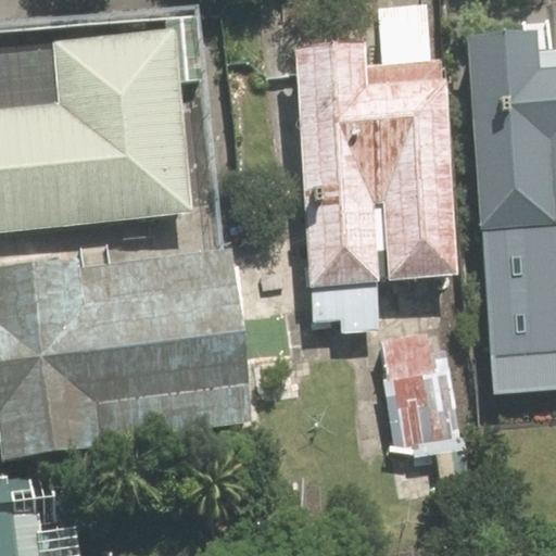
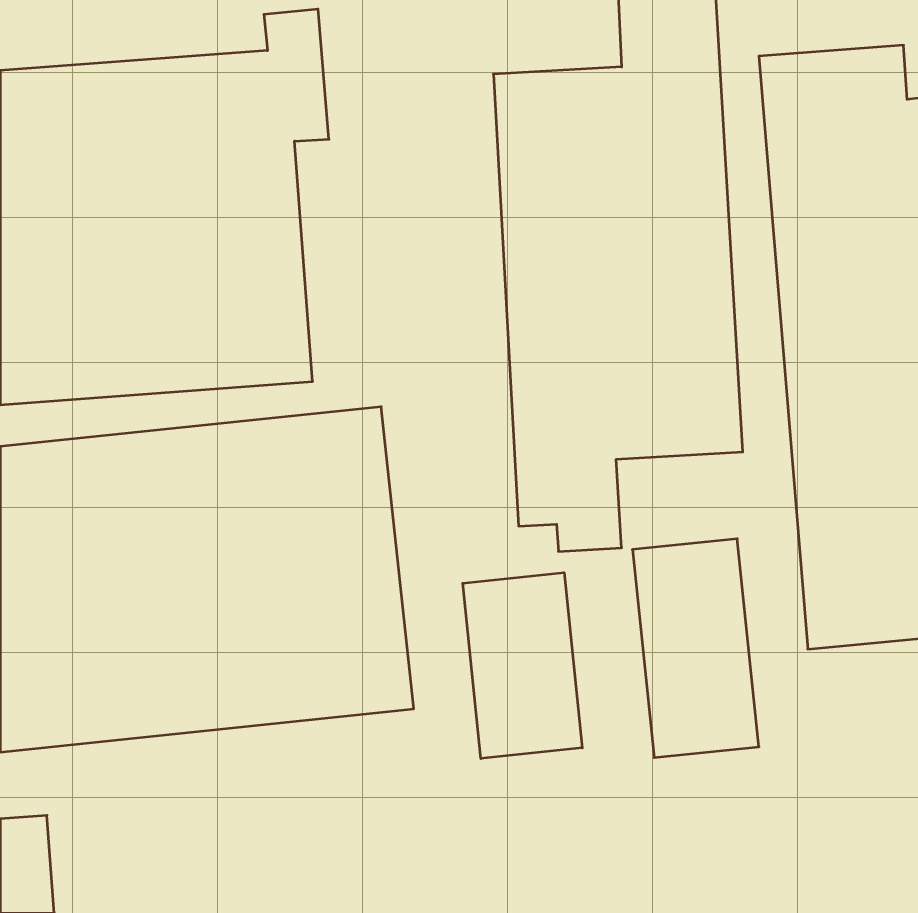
building: none -> [463,573,582,759]

